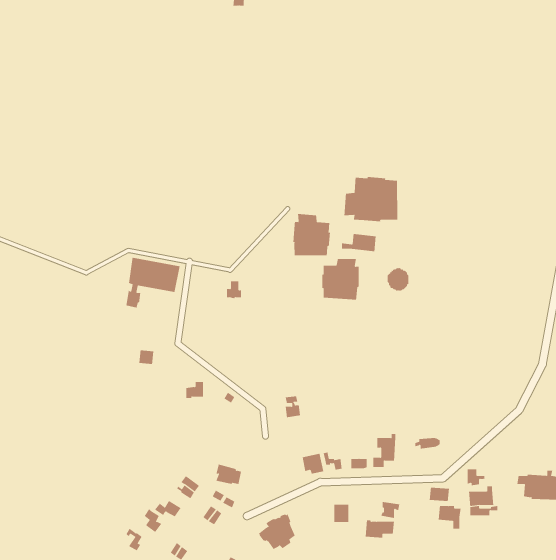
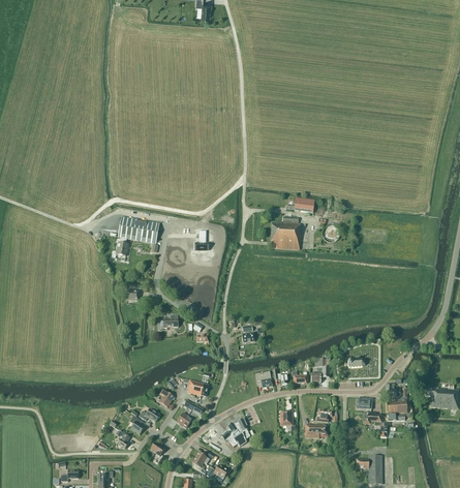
building: [344,176,398,222] -> none
building: [293,213,330,256] -> none

